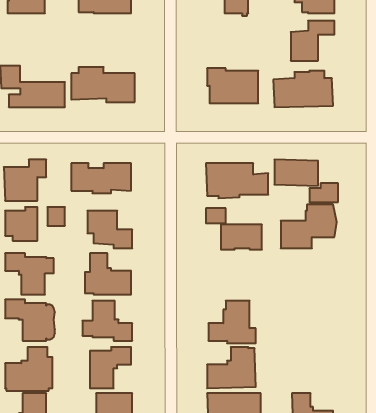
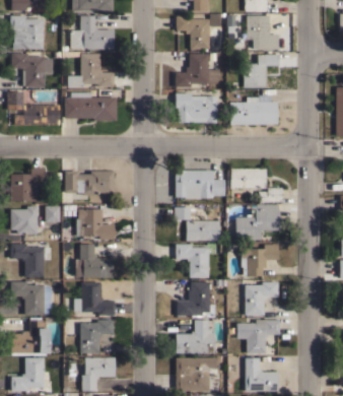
building: none -> [12,54,53,87]
building: none -> [68,54,114,87]
building: none -> [175,54,219,87]
building: none -> [176,244,209,277]
building: none -> [242,244,278,275]
building: none -> [245,281,278,315]
building: none -> [236,320,279,353]

